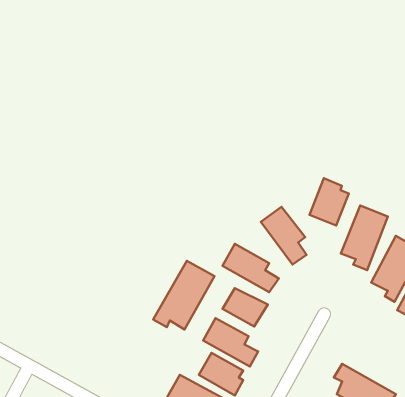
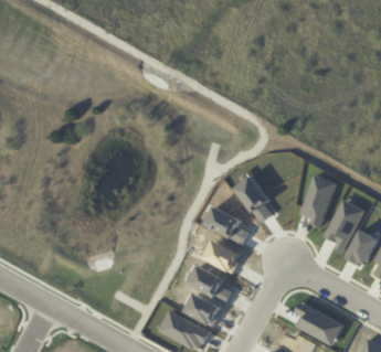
building: [310,178,349,226] -> none
building: [153,261,214,329] -> none

